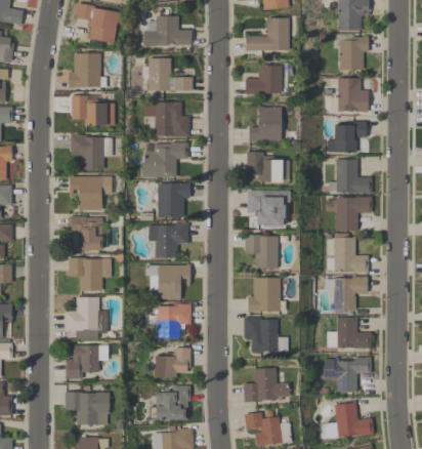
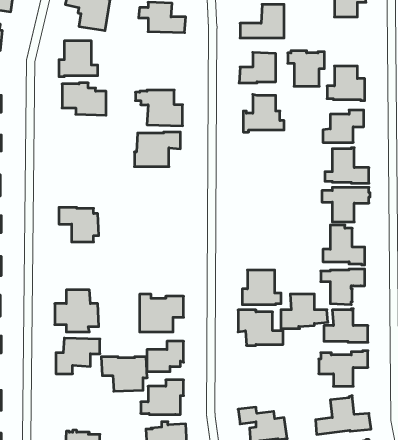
building: [333,35,369,70] -> [288,51,324,86]
building: [142,58,193,90] -> none
building: [71,135,113,169] -> none
building: [247,152,288,182] -> none
building: [70,175,118,211] -> none
building: [152,182,189,217] -> none
building: [249,192,288,226] -> none
building: [149,223,188,258] -> none
building: [245,235,278,269] -> none
building: [69,257,109,291] -> none
building: [145,263,191,300] -> none
building: [244,368,290,402] -> [281,294,328,329]
building: [65,392,110,425] -> [101,357,147,391]

